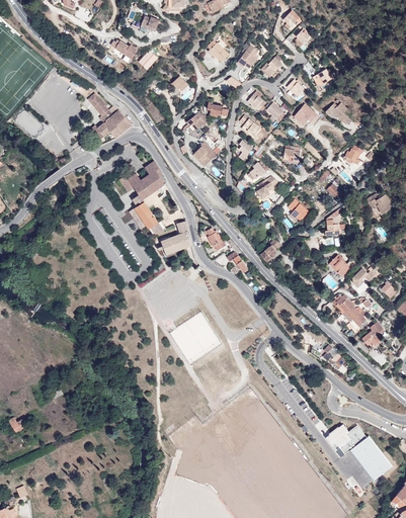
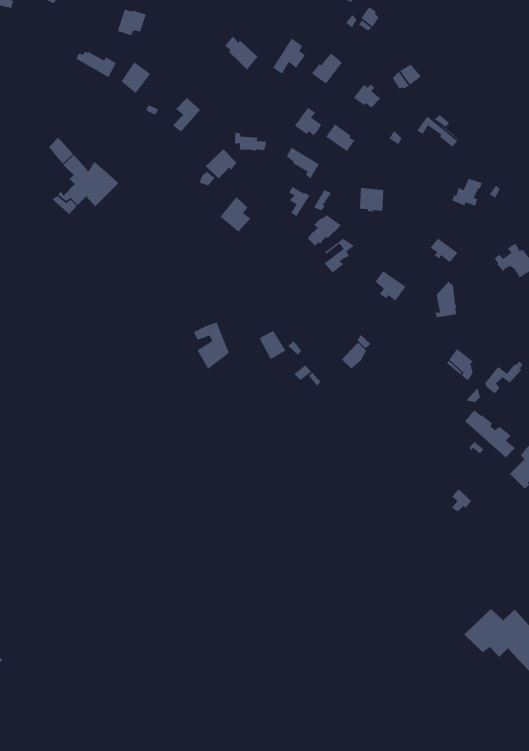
building: [118,161,165,234] -> none

